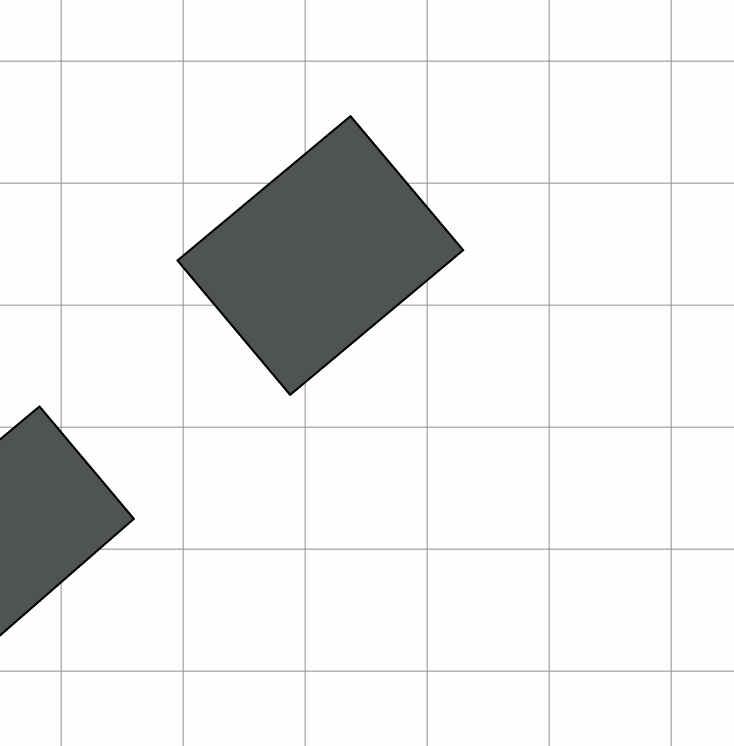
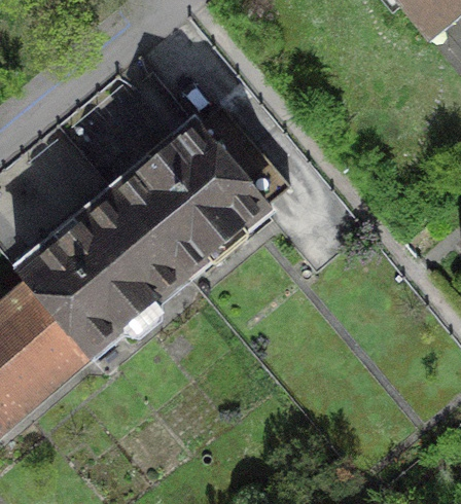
building: none -> [21,193,183,354]

